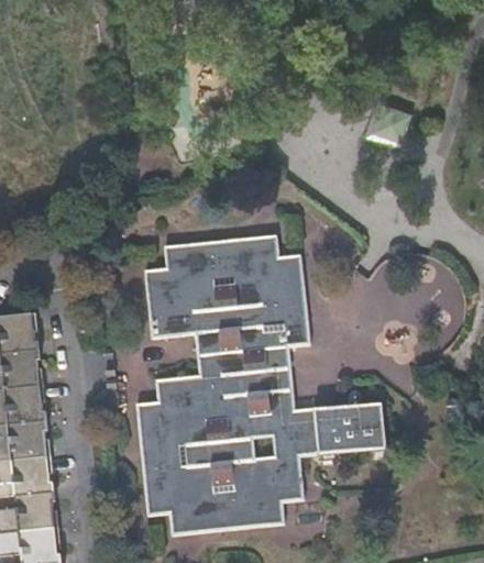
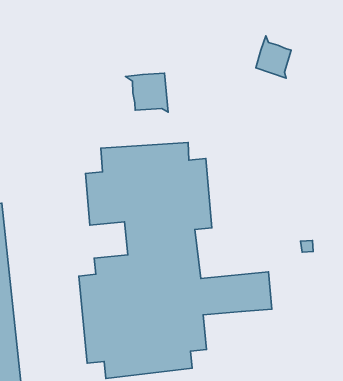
building: none -> [125,73,168,112]

